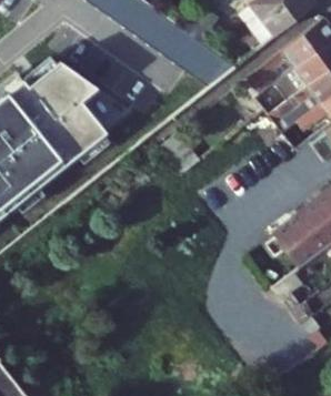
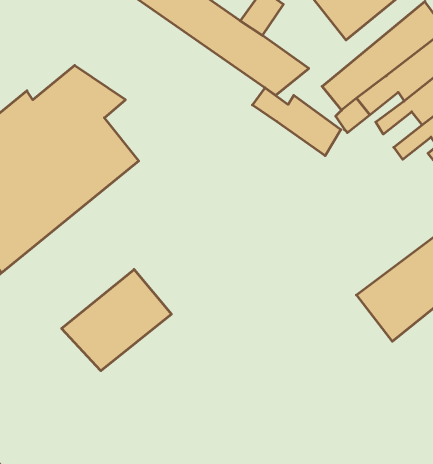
building: none -> [252,88,341,156]
building: none -> [62,269,171,371]

